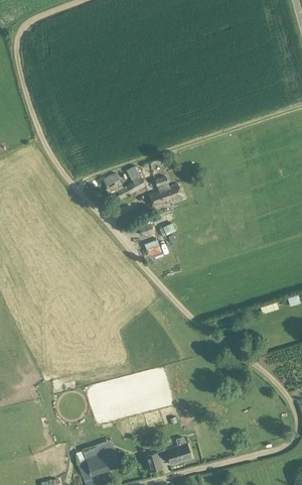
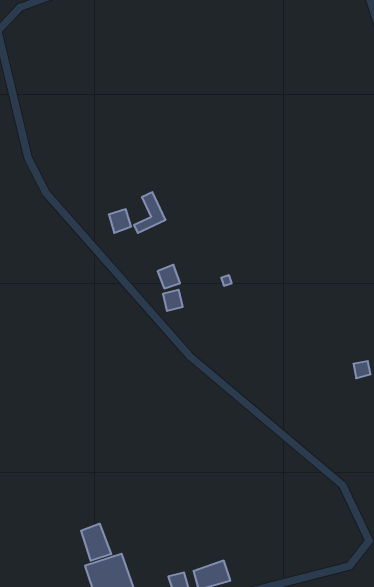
building: [148,176,181,207] -> none
building: none -> [81,524,111,561]

